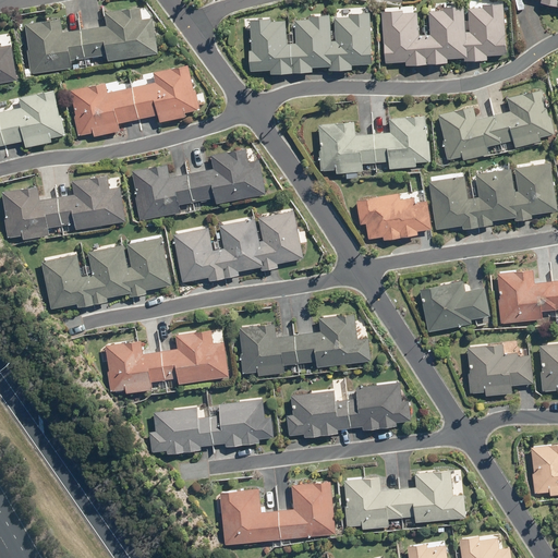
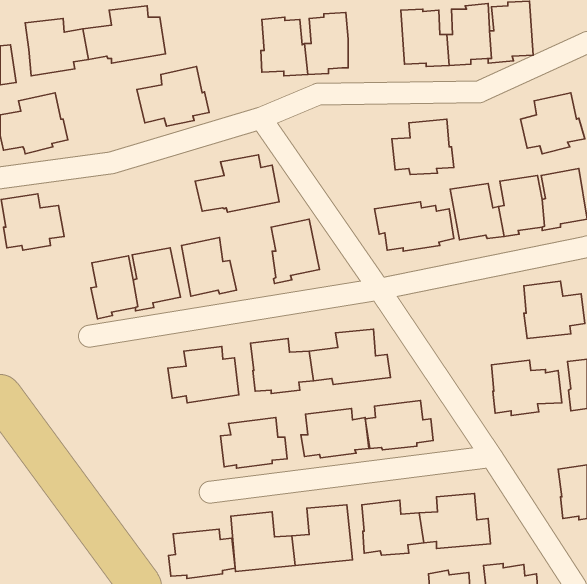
building: [327,13,371,71] -> none
building: [69,84,137,137] -> none
building: [437,106,500,160] -> none
building: [317,122,375,173] -> none
building: [131,165,192,221] -> none
building: [56,175,124,229] -> none
building: [218,218,262,278] -> none
building: [39,255,93,310] -> none
building: [418,281,489,332] -> none
building: [104,341,163,393] -> none
building: [148,408,211,454] -> [169,529,235,578]

